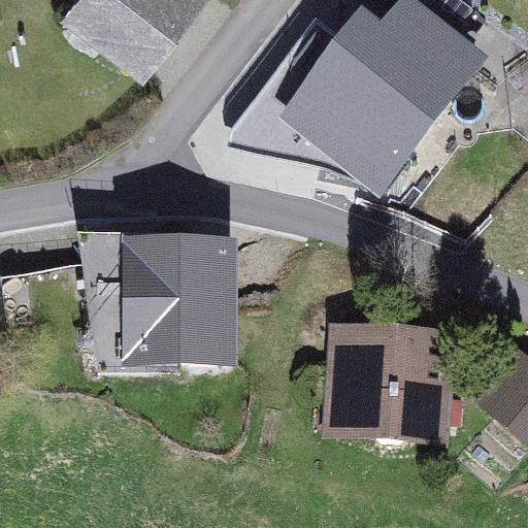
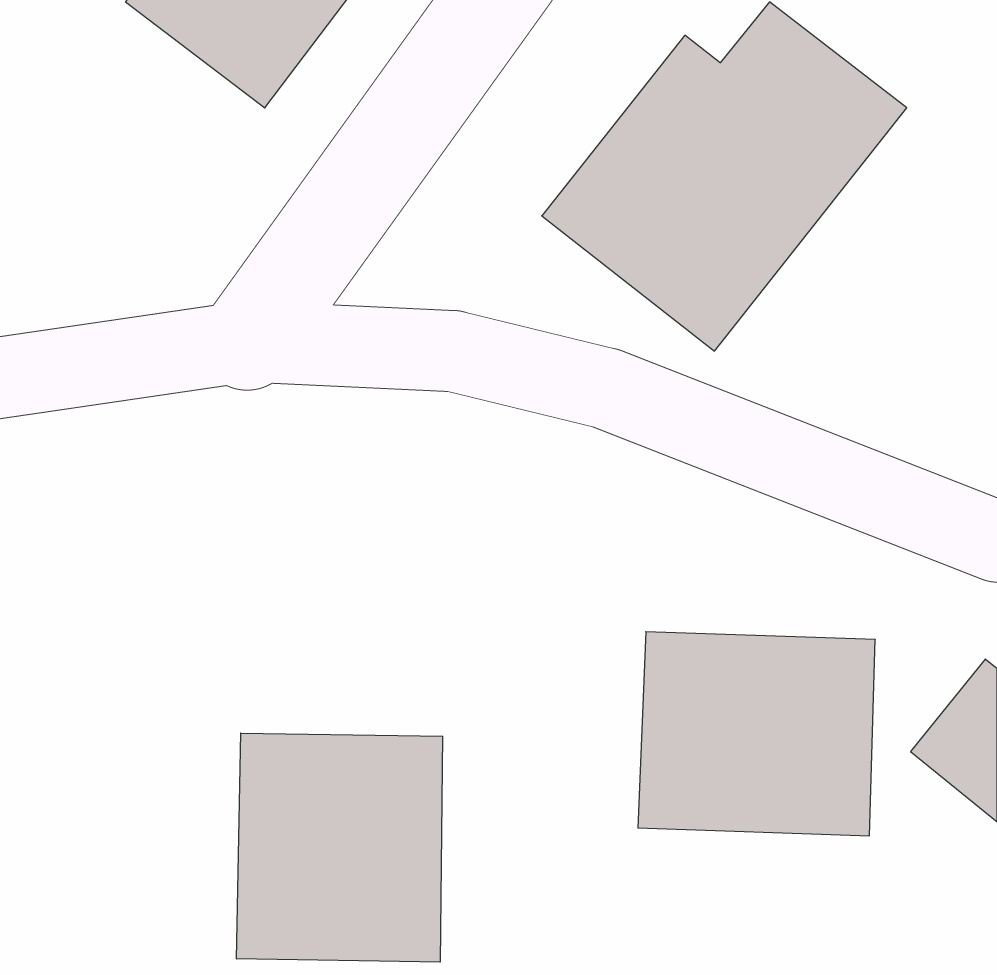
building: [77,235,235,363] -> none
building: none -> [237,733,443,962]

